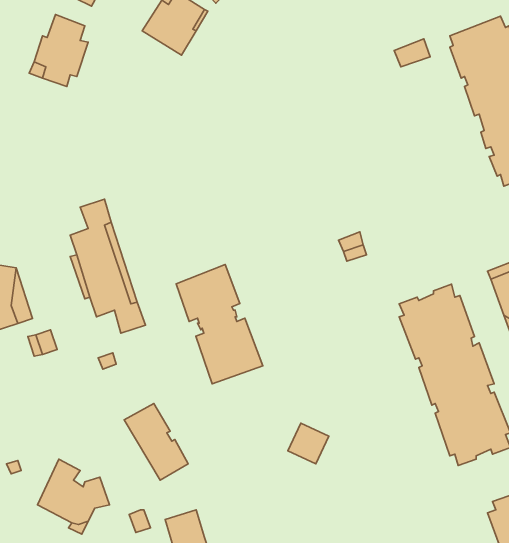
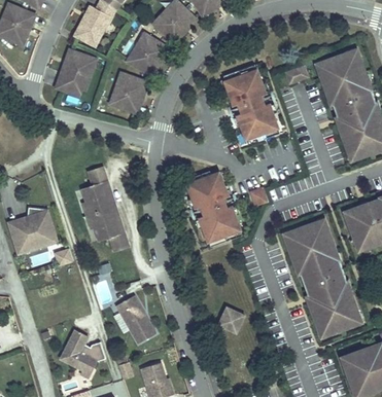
building: none -> [222,63,279,143]
building: none -> [110,74,145,112]
building: [176,264,263,384] -> [187,171,242,246]

